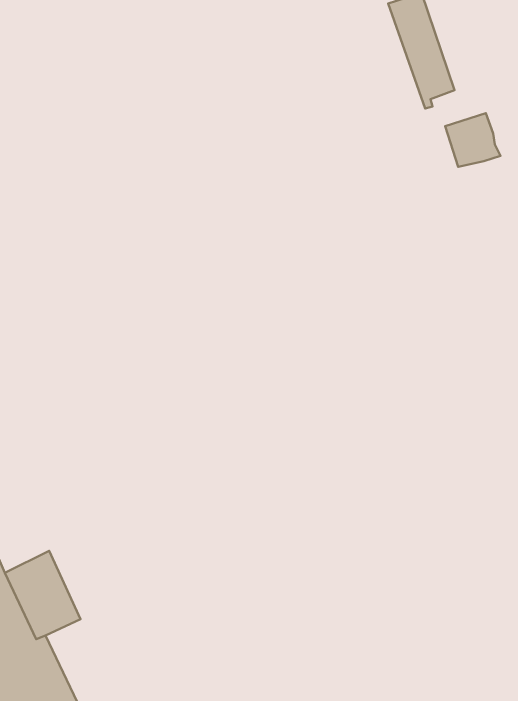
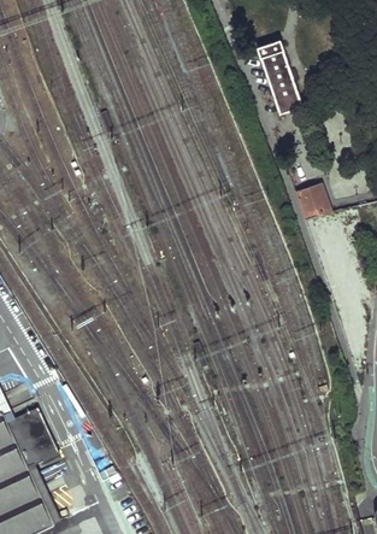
building: [445,113,500,167] -> [295,184,331,219]

